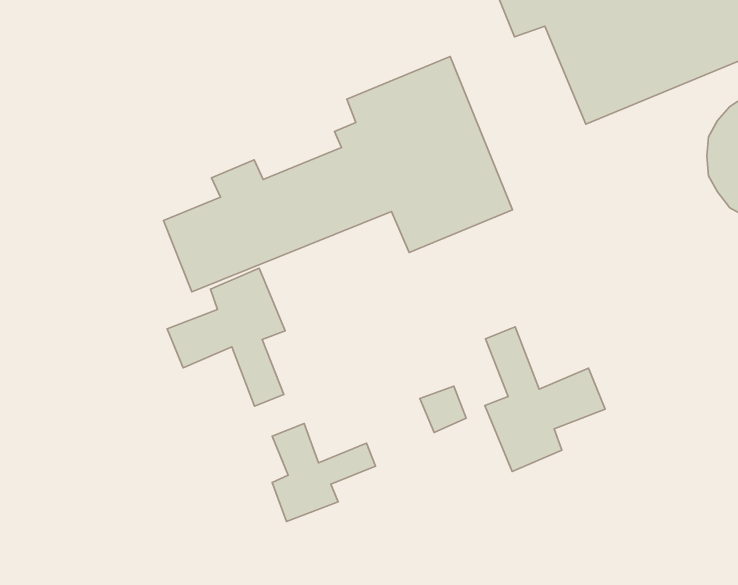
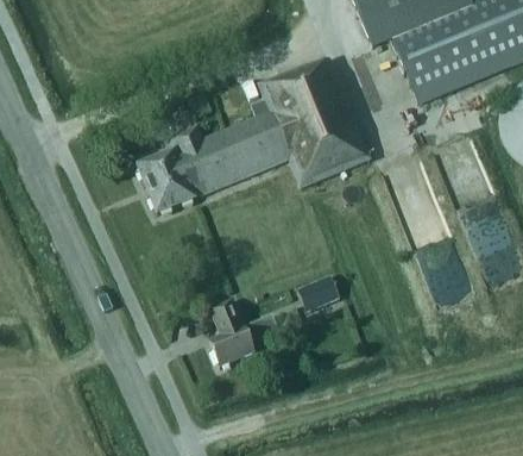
building: [167,268,285,406] -> none
building: [485,327,605,472] -> none

